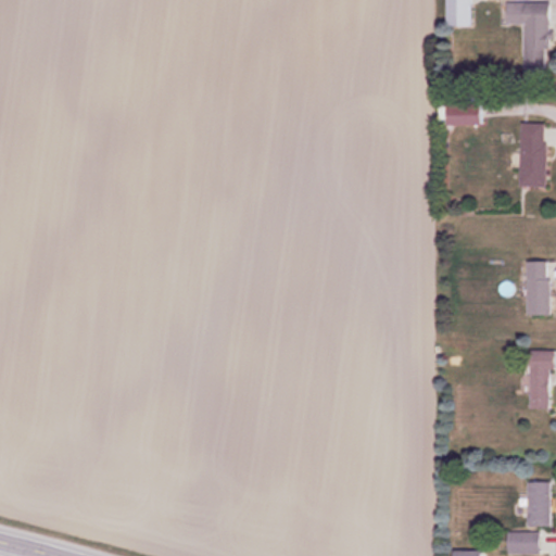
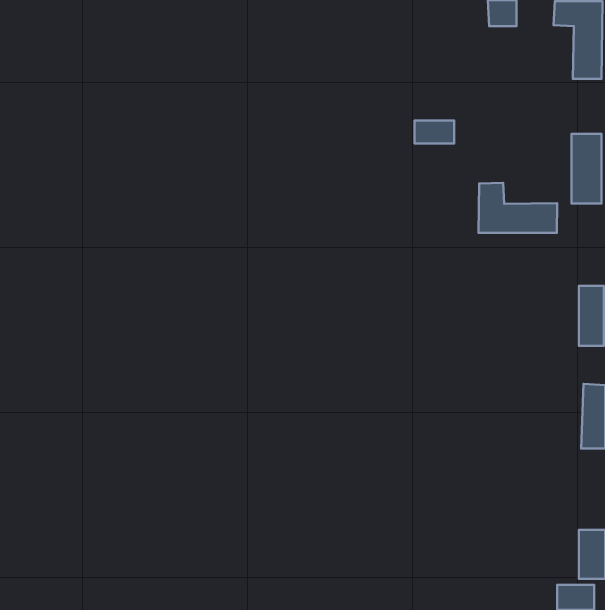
building: [447,104,483,125] -> [415,121,454,143]
building: none -> [478,183,557,233]

